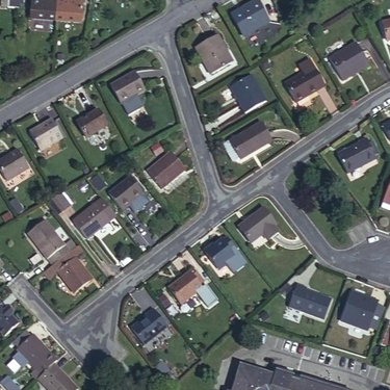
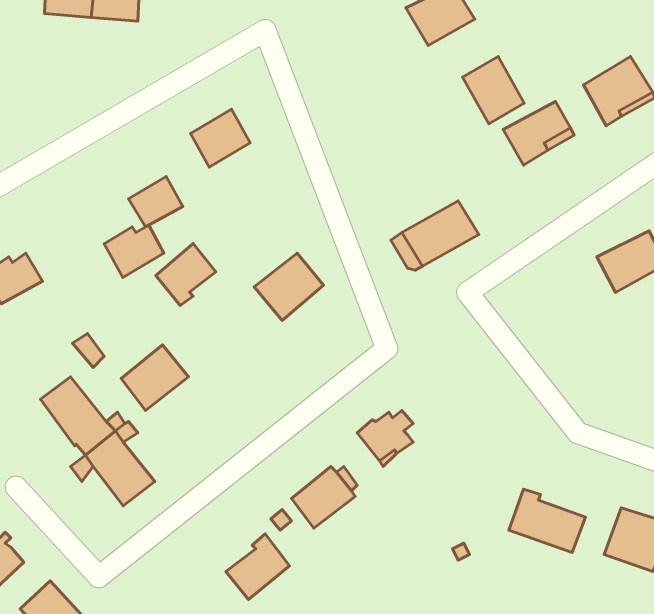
building: [197,35,232,73] -> none
building: [231,75,265,112] -> [463,56,524,124]
building: [29,121,62,150] -> [104,225,164,277]
building: [109,175,142,209] -> [156,244,216,305]
building: [238,207,278,242] -> none

